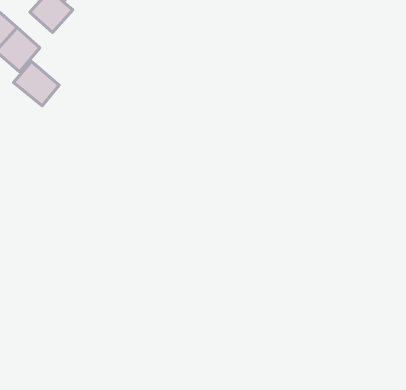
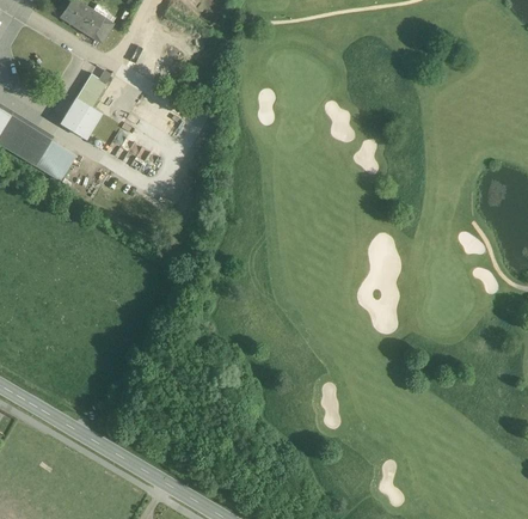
building: [13,62,59,106] -> none

